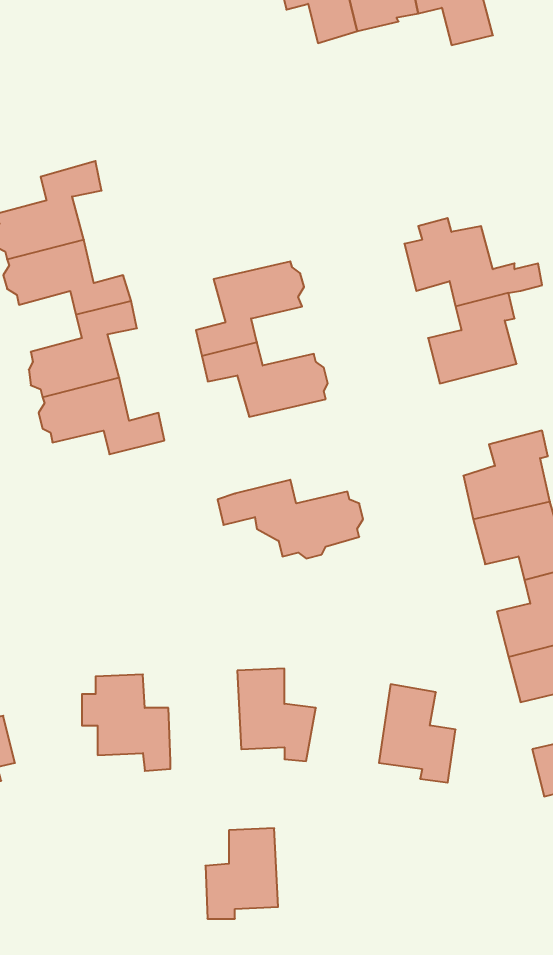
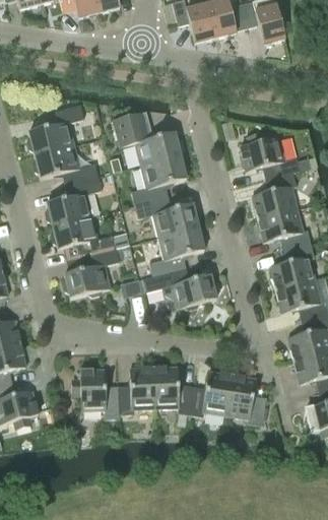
building: none -> [114,111,183,164]
building: none -> [258,207,311,249]
building: none -> [149,225,206,274]
building: none -> [63,247,120,297]
building: none -> [189,370,233,414]
building: [205,828,278,919] -> [118,366,155,412]

